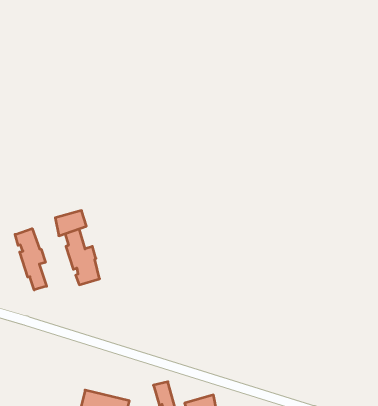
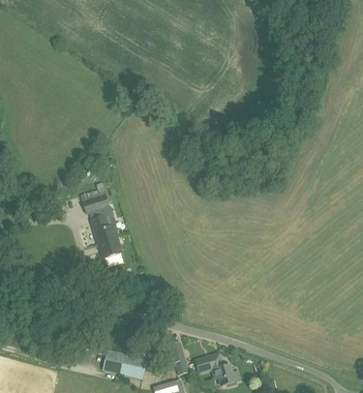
building: [15,229,47,290] -> none

